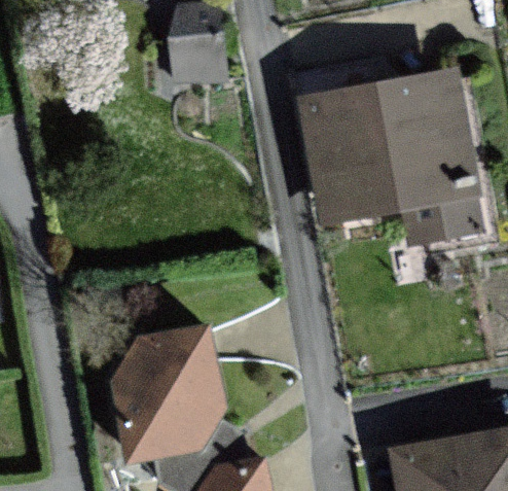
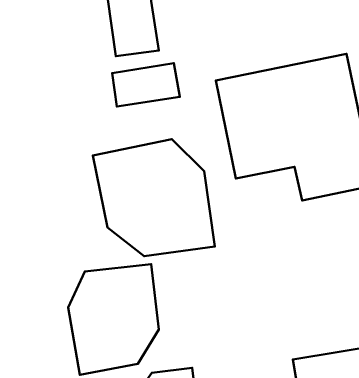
building: none -> [112,63,180,106]
building: none -> [93,139,215,256]

